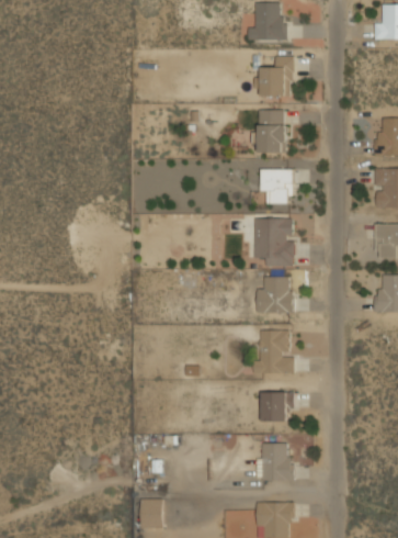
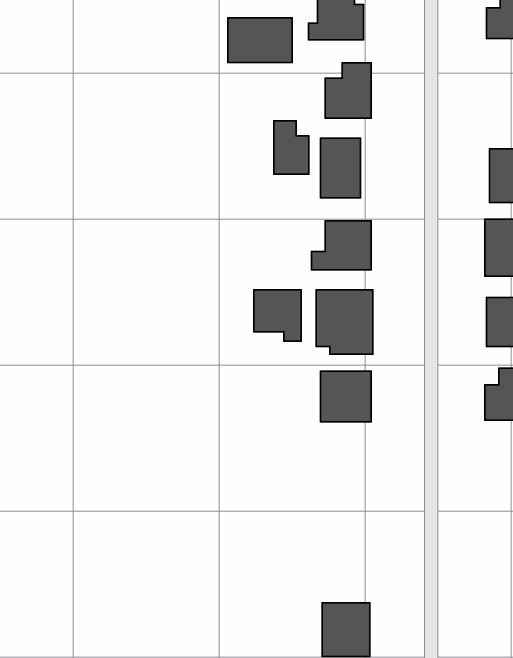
building: none -> [228,18,292,62]
building: none -> [274,121,309,174]
building: none -> [254,290,301,341]
building: [252,329,293,373] -> none
building: [261,392,293,421] -> none

